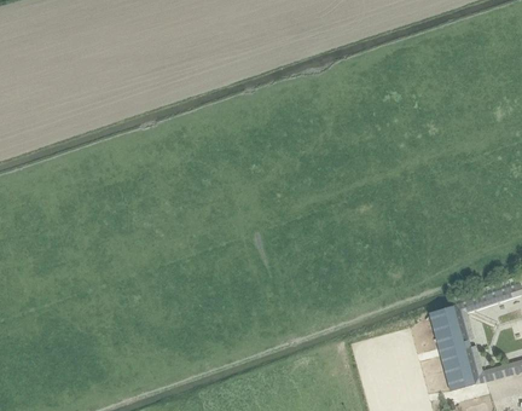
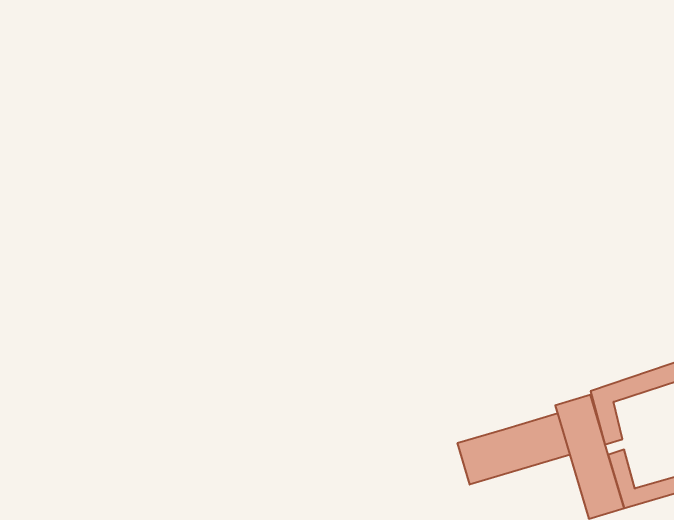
building: none -> [458,413,570,485]

